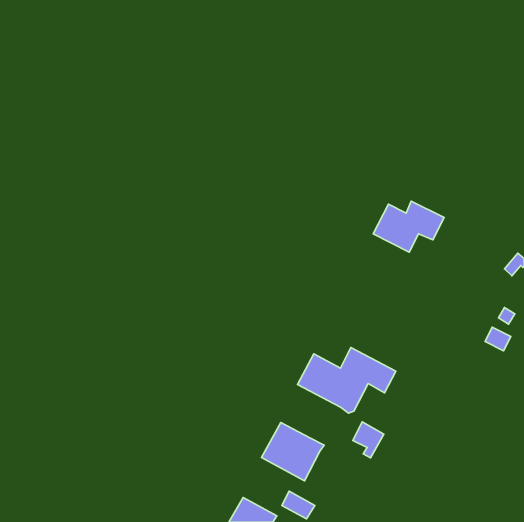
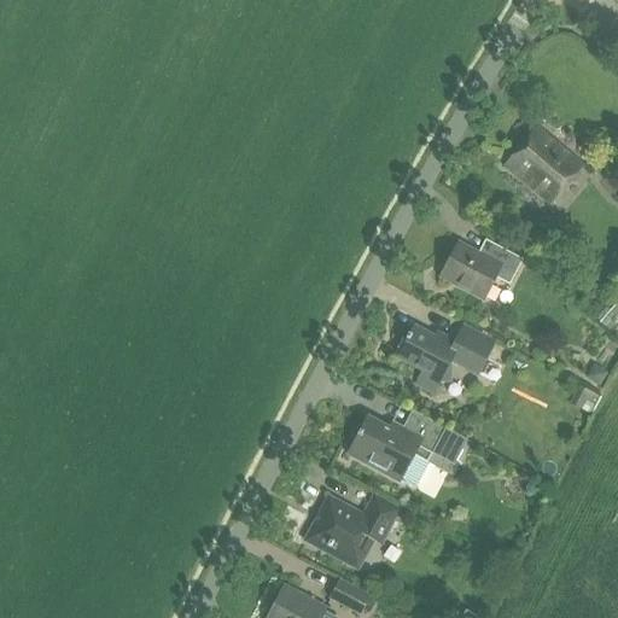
building: none -> [506,126,583,202]
building: none -> [398,327,492,391]
building: [353,422,384,458] -> [365,494,401,536]

